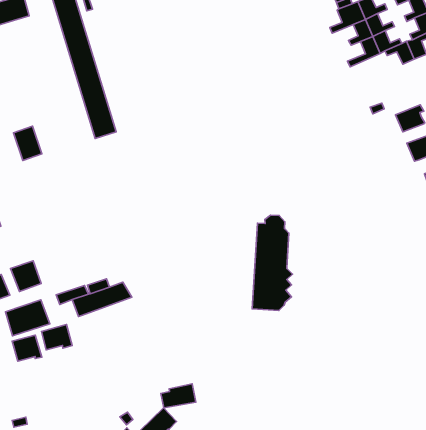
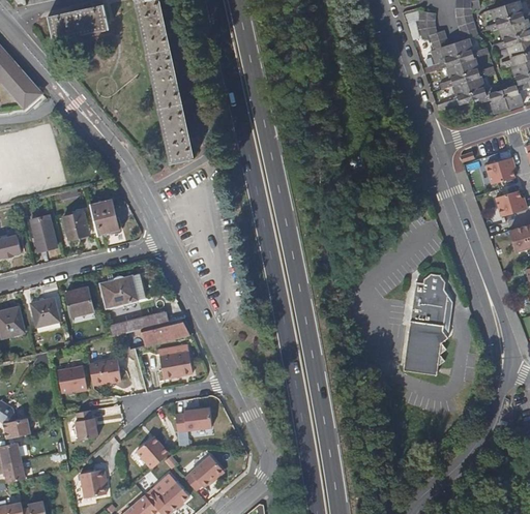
building: [13,126,42,160] -> [91,200,119,235]
building: none -> [64,212,89,238]
building: [252,215,292,311] -> [403,273,448,374]
building: [5,300,50,336] -> [98,272,144,307]
building: none -> [159,351,193,379]
building: none -> [73,409,96,440]
building: [161,384,196,408] -> [175,407,211,430]
building: none -> [138,434,170,467]

